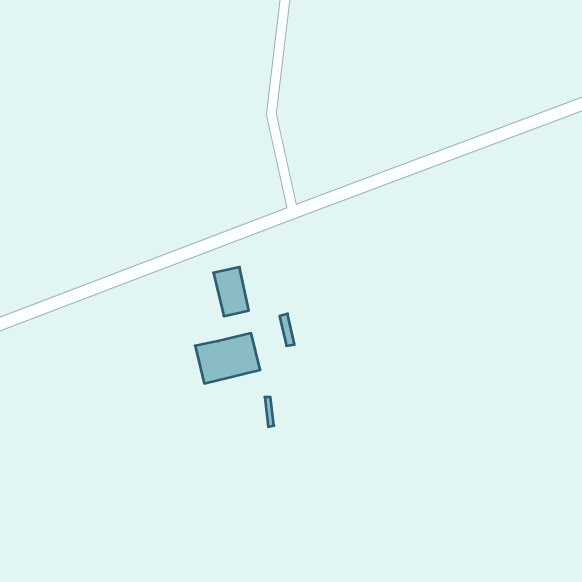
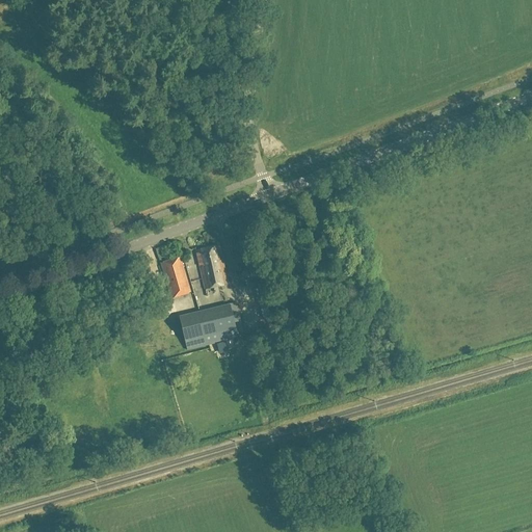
building: none -> [160,255,189,296]

